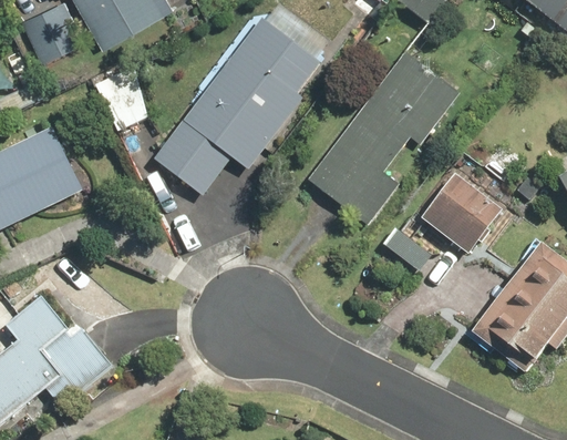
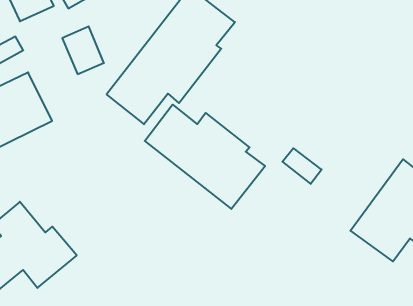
building: [307,52,460,226] -> none
building: none -> [145,105,265,209]
building: [420,172,504,255] -> none

